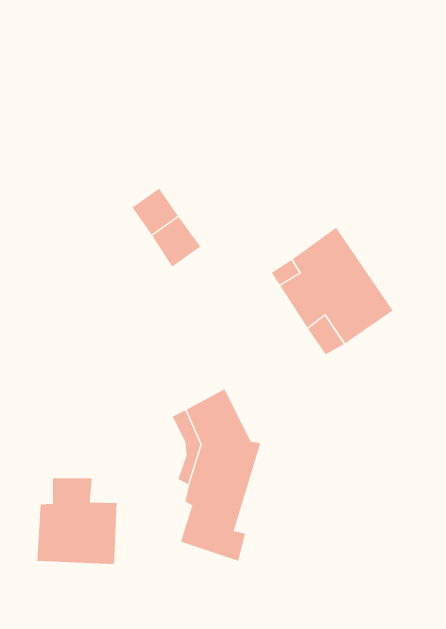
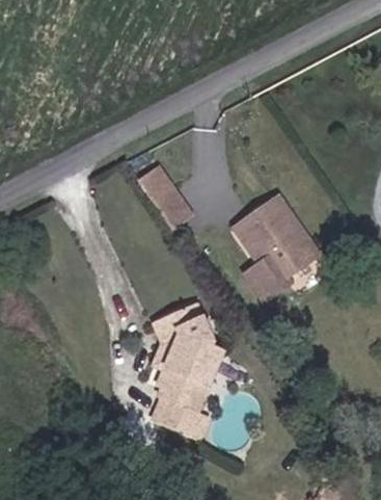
building: [37,478,117,565] -> none

